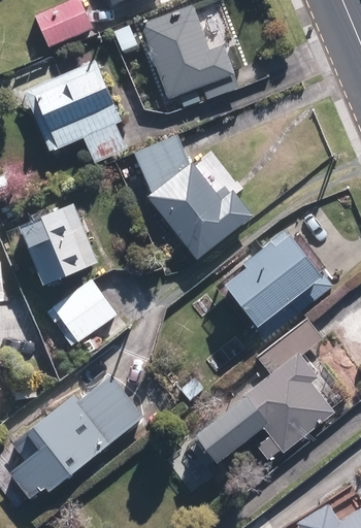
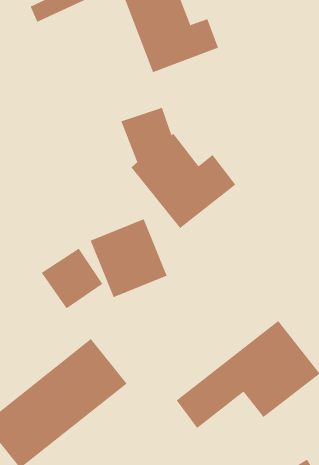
building: [24,62,122,153] -> none
building: [19,204,98,286] -> [90,218,167,298]
building: [222,228,334,337] -> none

